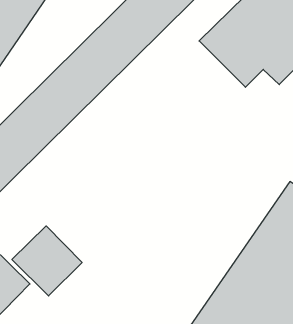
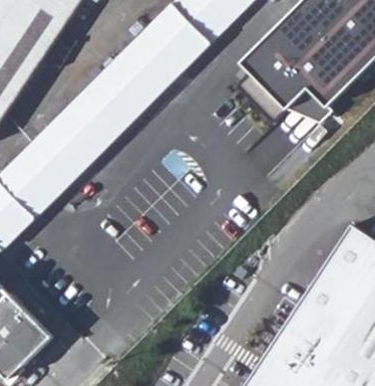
building: [12,226,82,296] -> none

